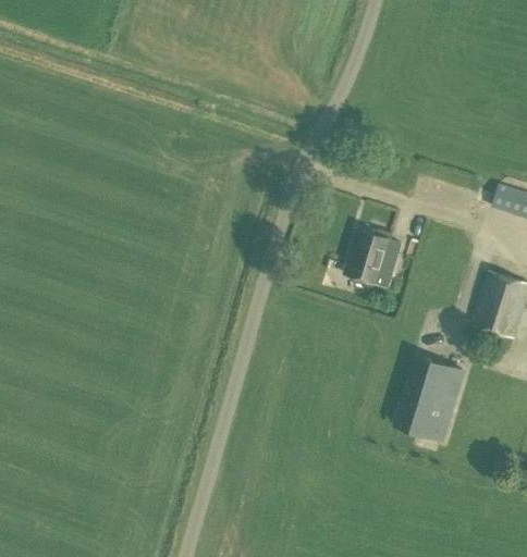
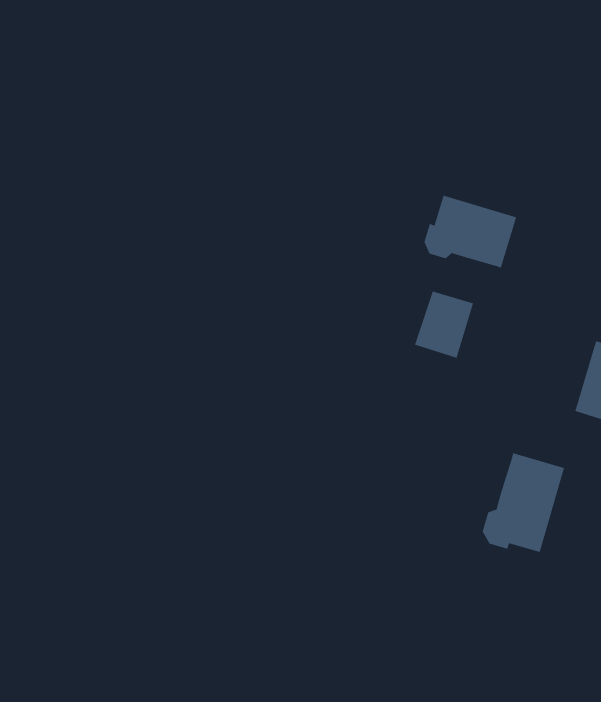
building: none -> [424,193,517,268]

